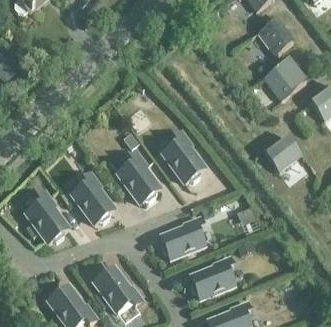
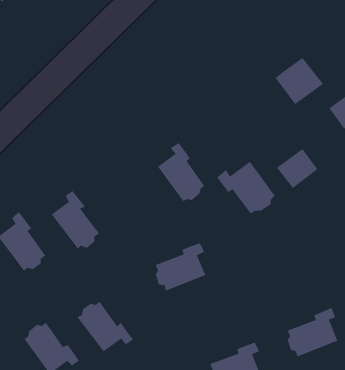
building: [257,19,292,55] -> none
building: none -> [216,161,276,214]
building: [118,151,160,203] -> none
building: [191,256,235,299] -> [287,307,338,357]

